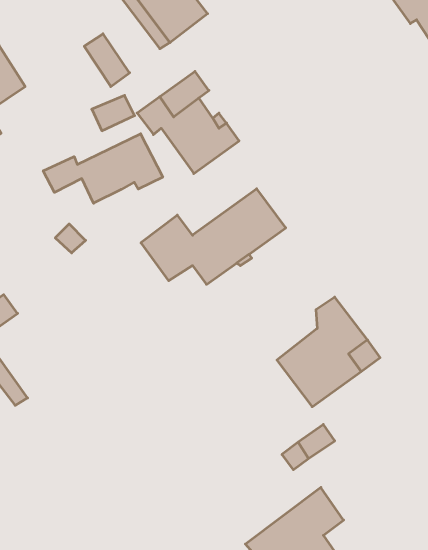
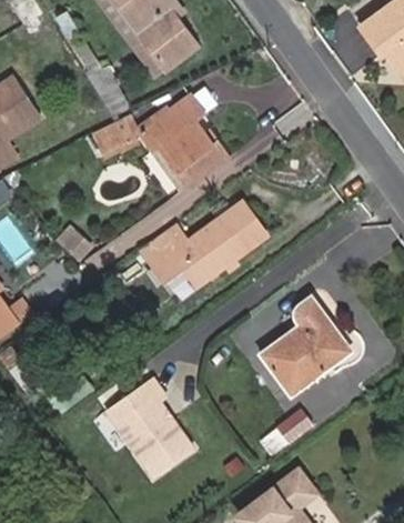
building: [43,134,163,203] -> none
building: none -> [105,375,193,476]

